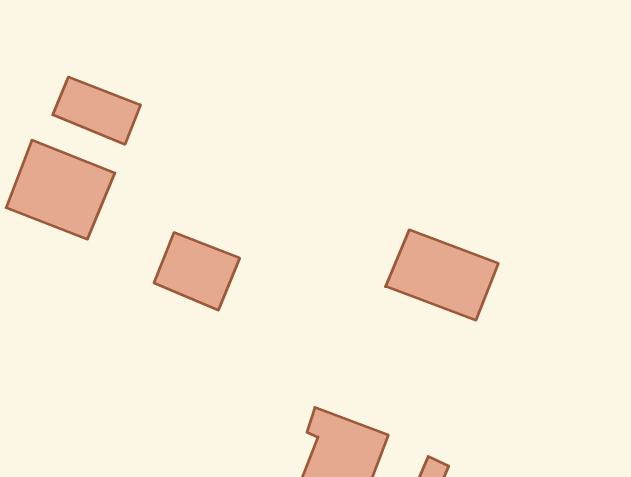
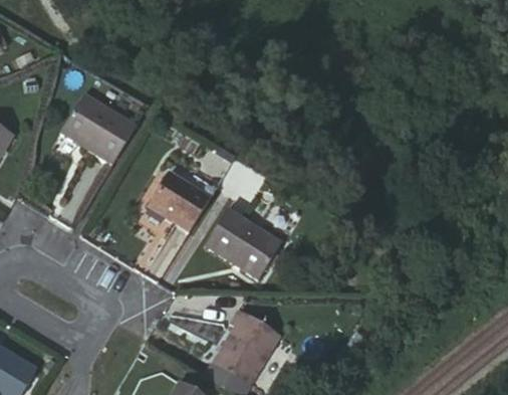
building: [53,77,140,144] -> none
building: [385,230,498,320] -> [197,206,274,271]

